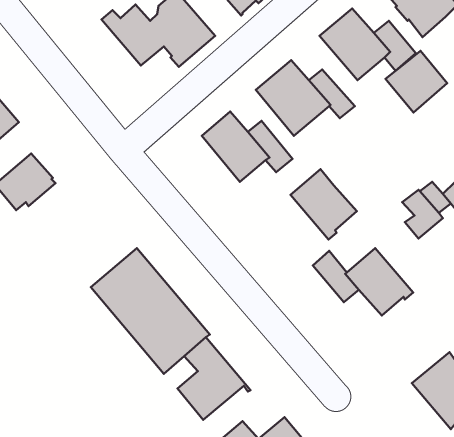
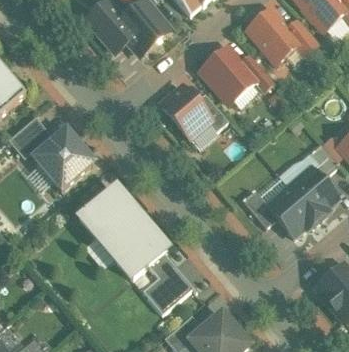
building: [385,51,447,112] -> none
building: none -> [33,127,94,189]
building: [291,169,357,240] -> [289,167,338,219]

